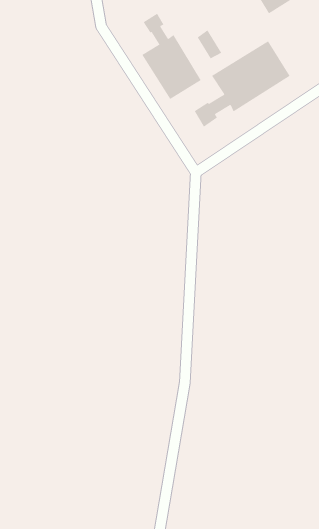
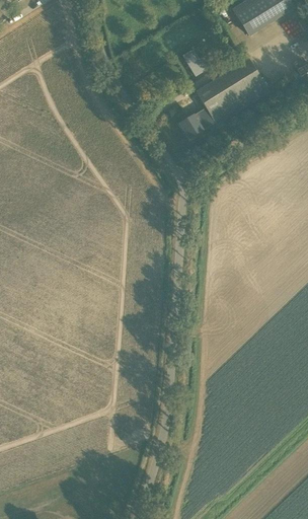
building: [142,13,202,100] -> none

